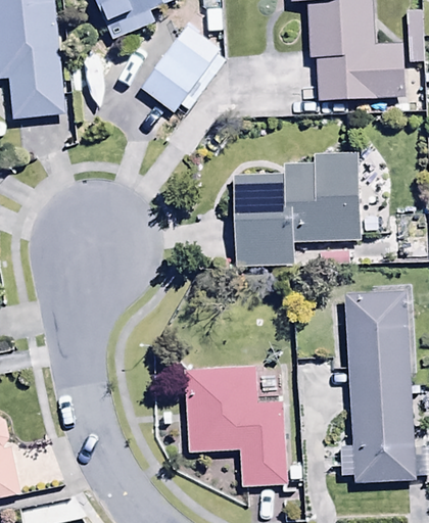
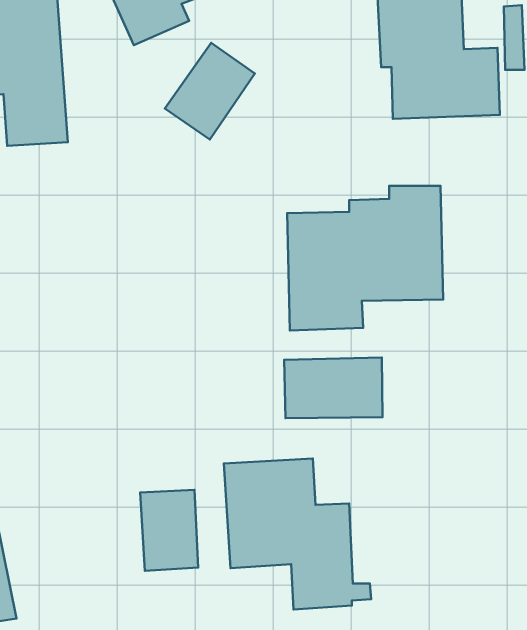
building: none -> [284,358,382,418]
building: [338,289,419,482] -> none
building: none -> [140,490,198,571]

